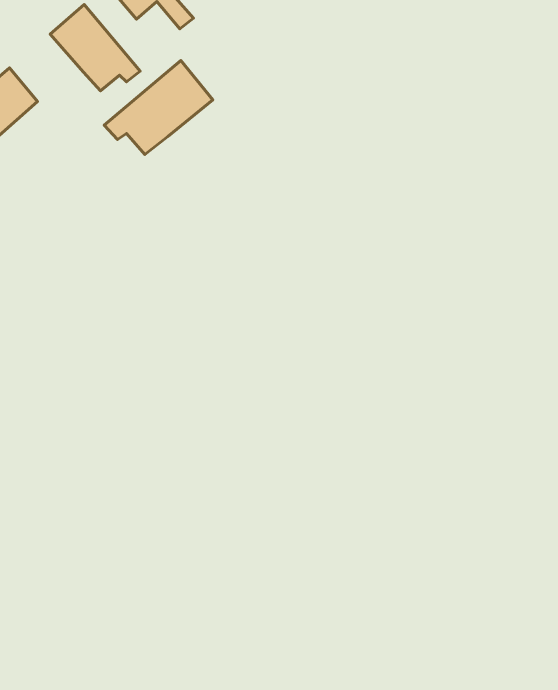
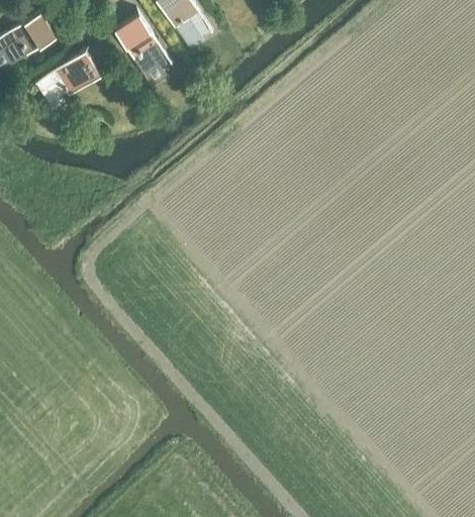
building: [104,60,213,155] -> none

